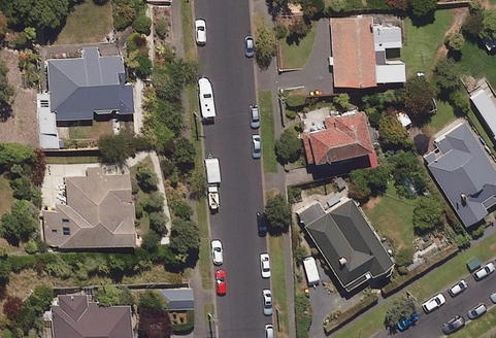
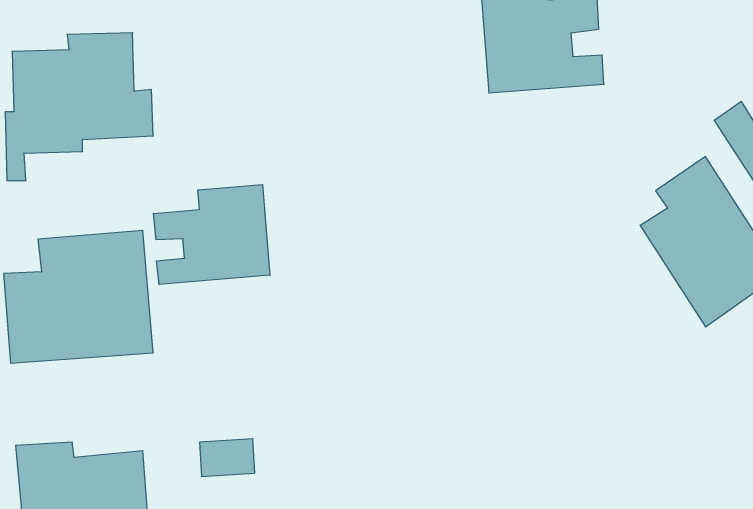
building: [300,106,370,160] -> none
building: none -> [153,185,270,285]
building: [298,198,392,292] -> none

